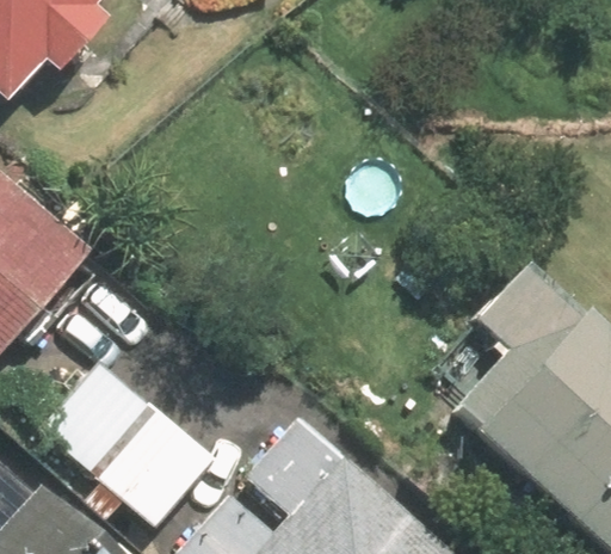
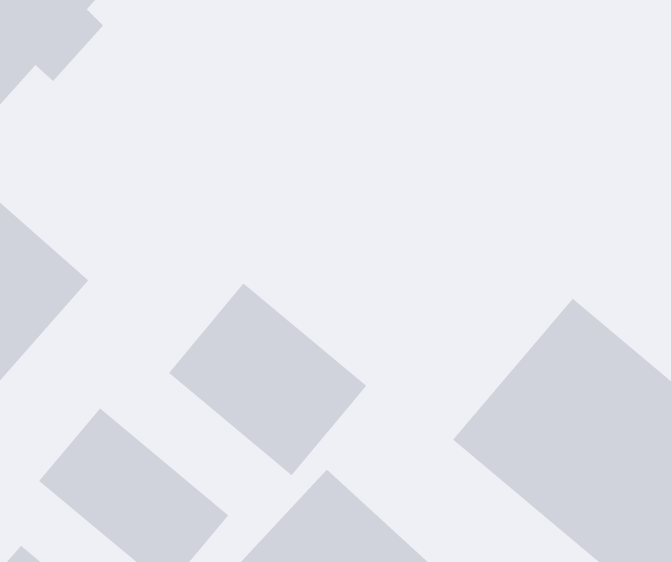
building: none -> [168,282,367,476]

